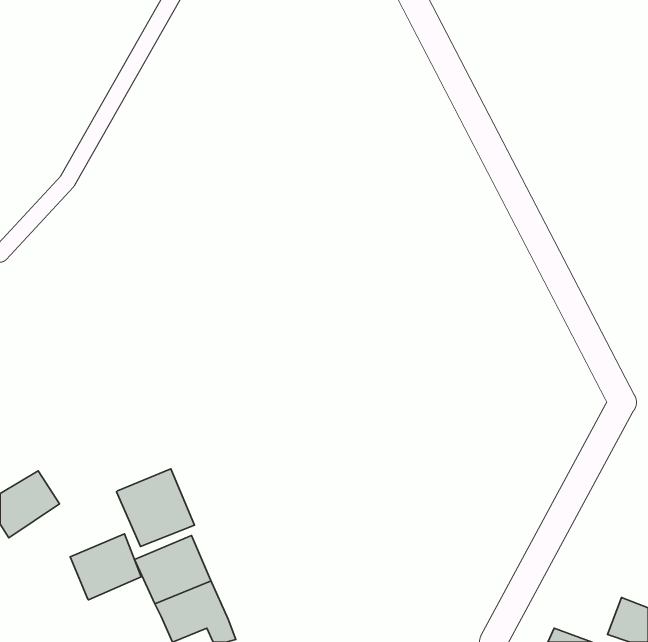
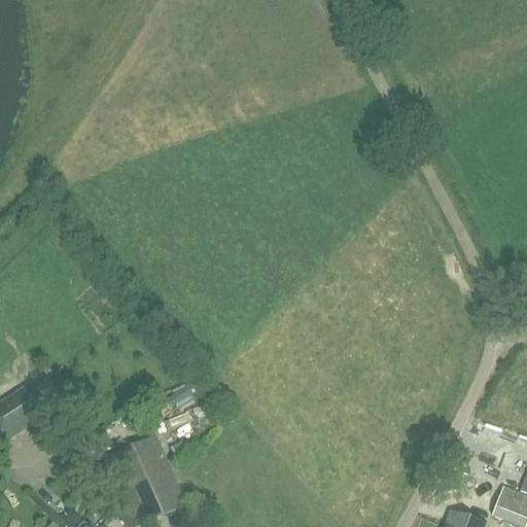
building: [117,469,195,547] -> none
building: [70,534,141,600] -> none

